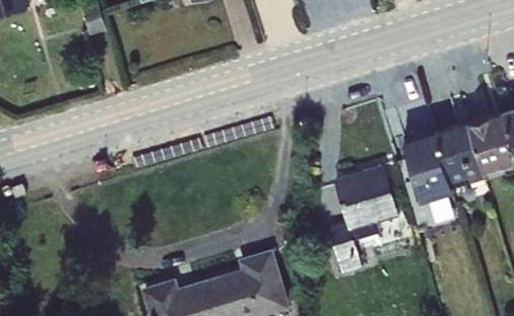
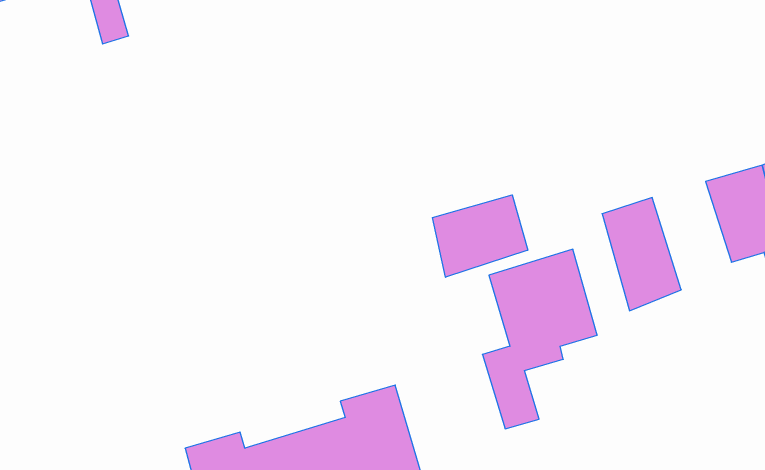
building: [434,122,487,189] -> none
building: none -> [433,195,528,277]

